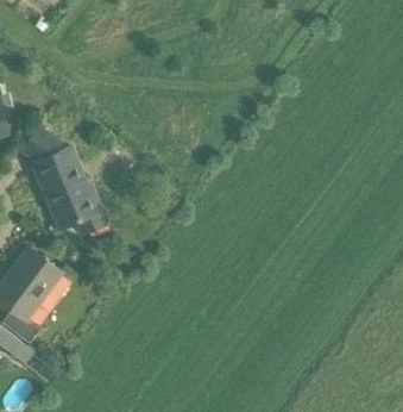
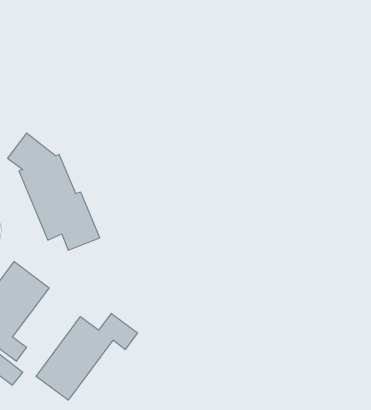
building: none -> [36,313,138,400]

